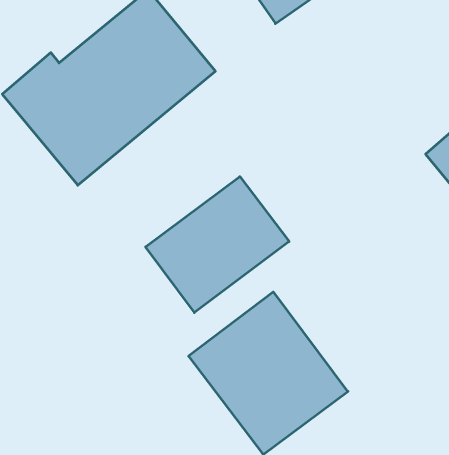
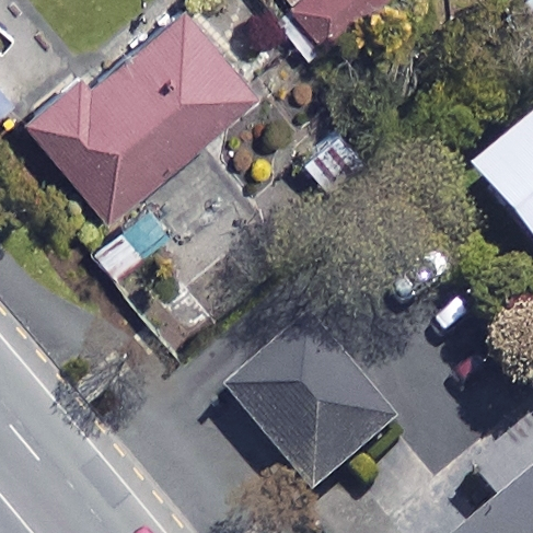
building: [146,177,289,313] -> none

